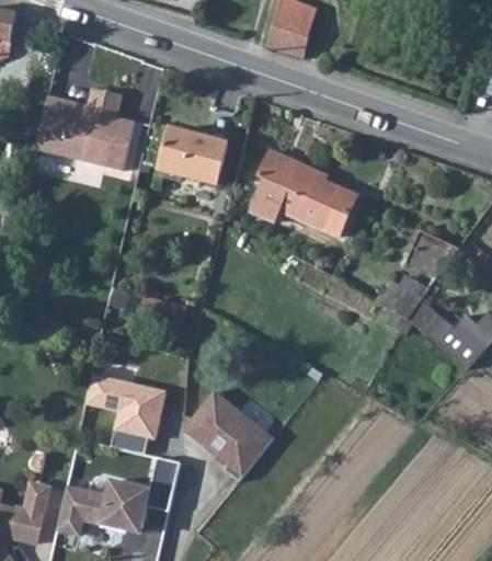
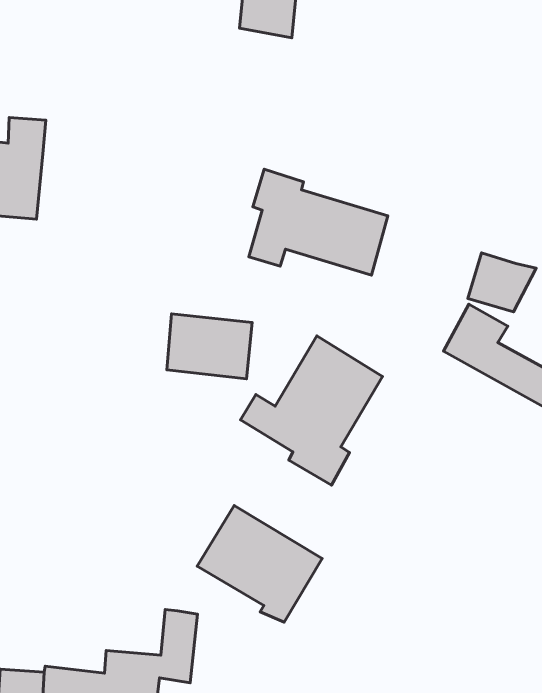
building: [100,116,134,170] -> none
building: [161,127,228,182] -> [167,314,252,379]
building: none -> [241,336,383,485]
building: [82,375,165,457] -> none

